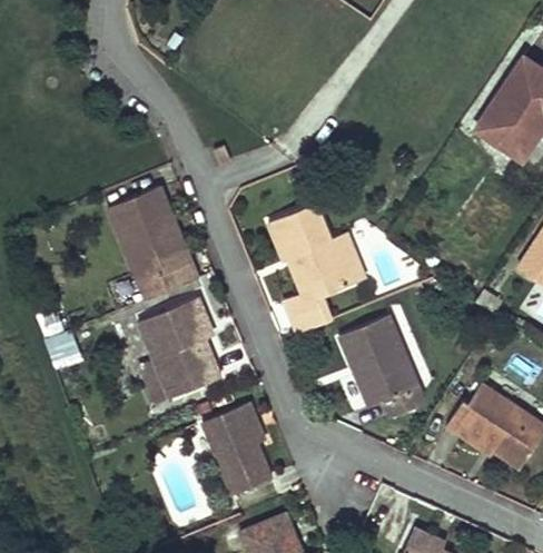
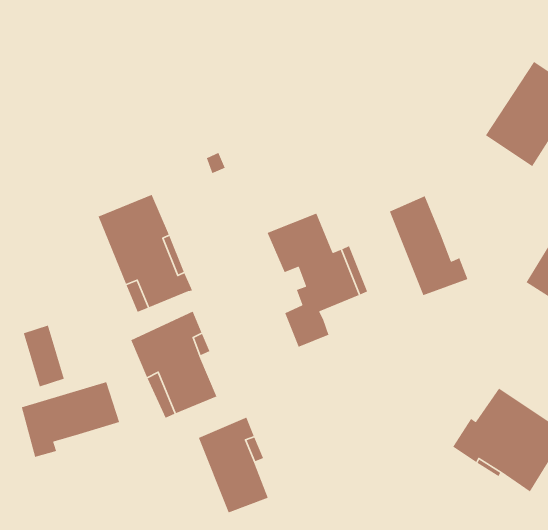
building: none -> [389,195,468,296]
building: [339,315,423,419] -> none
building: none -> [21,381,120,458]

